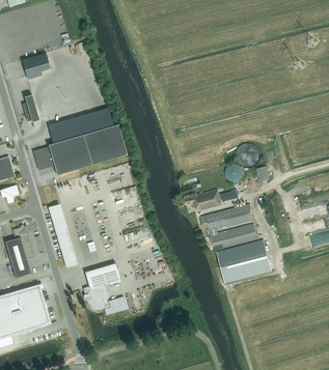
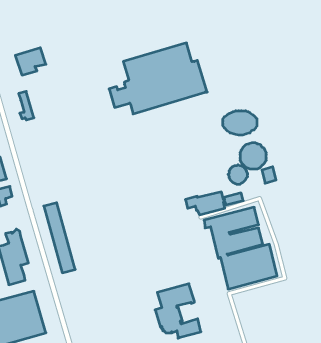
building: [33,108,127,175] -> [109,43,207,114]
building: none -> [223,111,257,135]
building: [82,263,126,315] -> [155,284,201,338]

